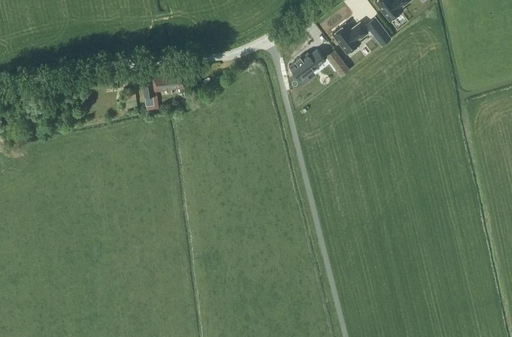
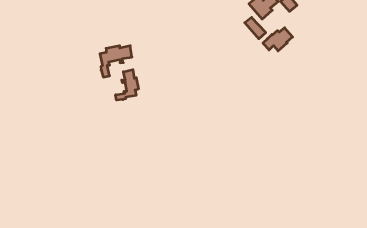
building: [290,48,327,76] -> [263,28,293,51]
building: none -> [116,70,138,100]

